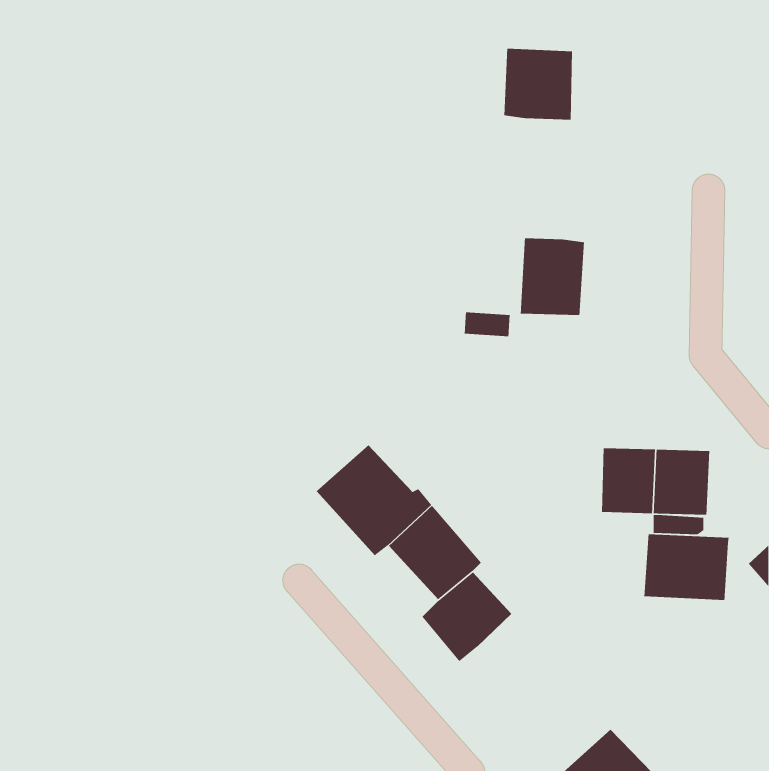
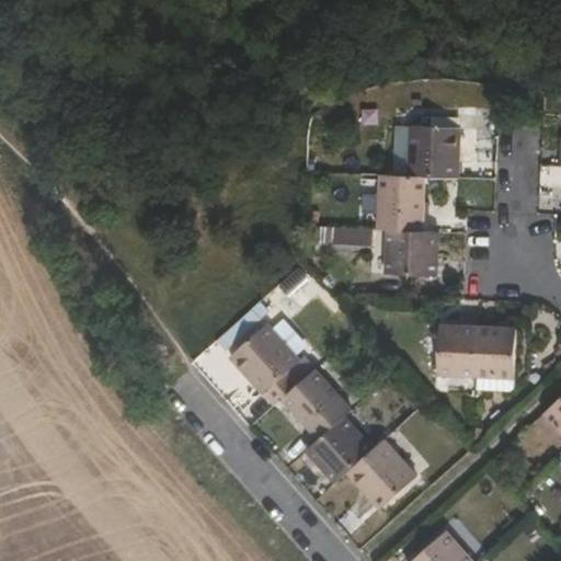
building: [503,48,573,120] -> [409,125,459,178]
building: none -> [383,229,438,275]
building: [644,533,729,601] -> none
building: none -> [346,437,416,507]

